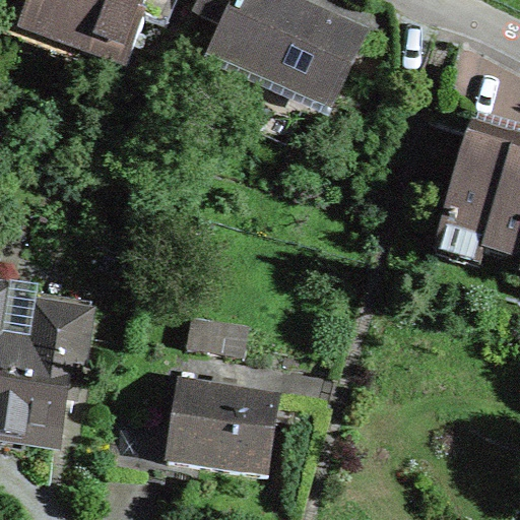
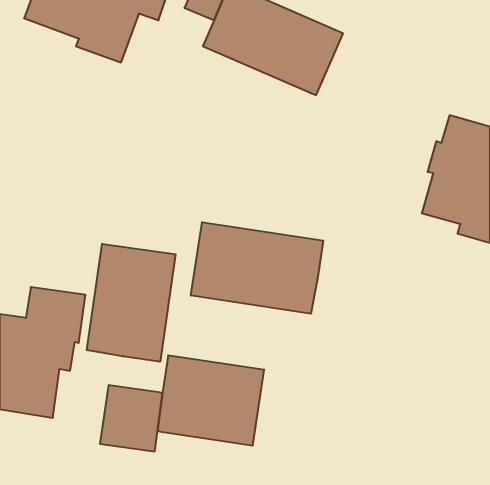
building: none -> [191,222,323,314]
building: none -> [87,244,176,362]

